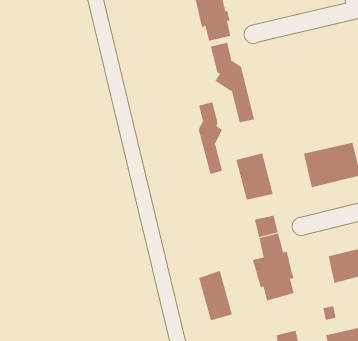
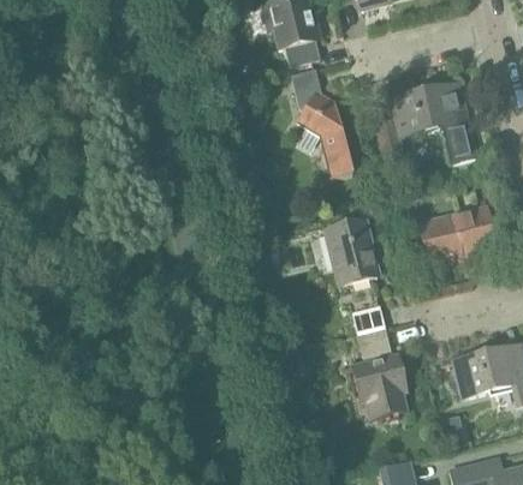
building: none -> [378,83,476,163]
building: [198,102,223,175] -> none
building: [198,270,233,321] -> none

